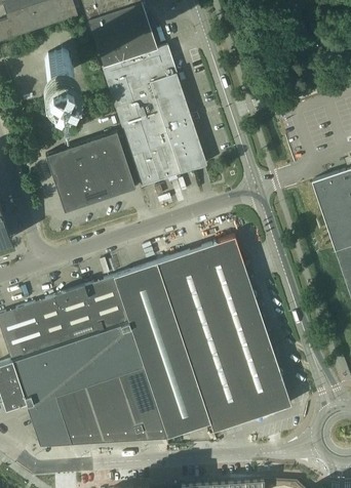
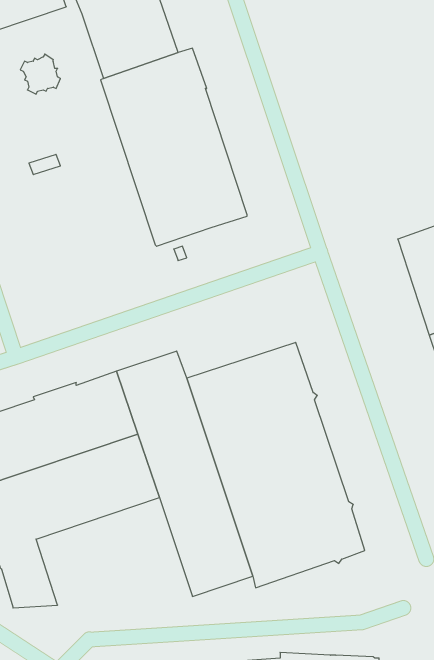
building: [45,132,135,212] -> none
building: [156,236,241,281] -> none
building: [55,366,167,443] -> none

